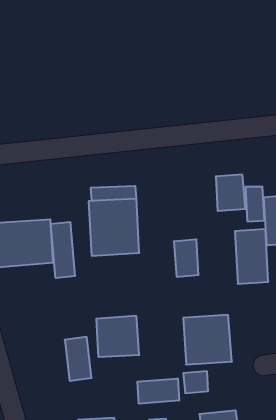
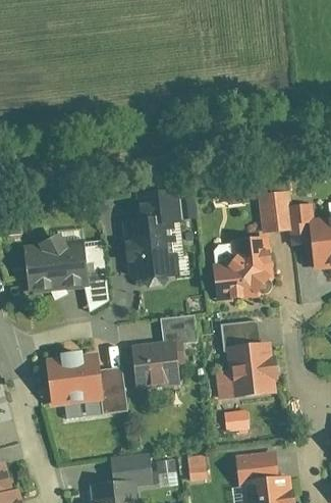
building: [235,229,268,284] -> [236,236,272,294]
building: none -> [160,316,196,345]
building: none -> [221,321,258,346]
building: none -> [43,353,100,406]
building: [138,378,179,404] -> none

